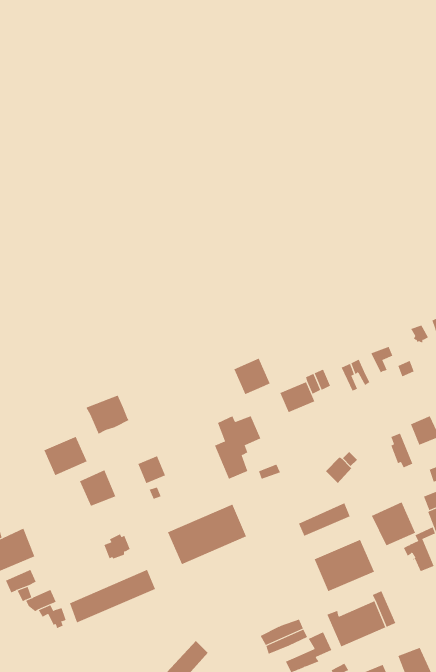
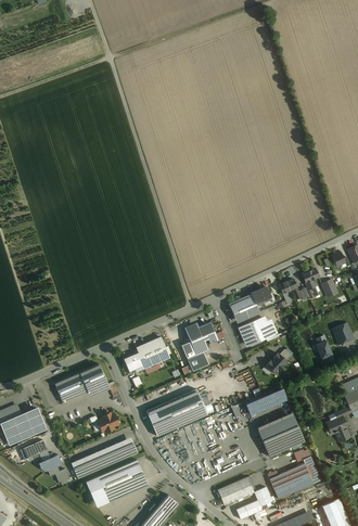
building: [234,358,271,395] -> [242,317,270,345]
building: [85,395,129,434] -> [136,337,169,368]
building: [44,436,88,476] -> [54,372,88,402]
building: [371,501,416,546] -> none
building: none -> [86,459,149,508]

